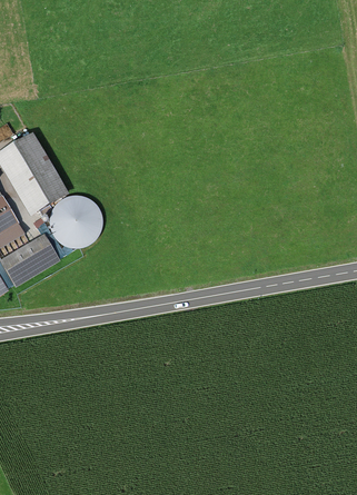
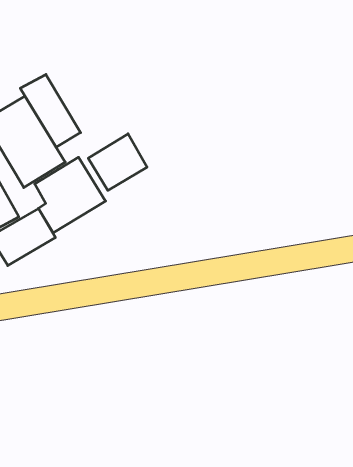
building: none -> [20,74,81,147]
building: none -> [88,134,147,190]

